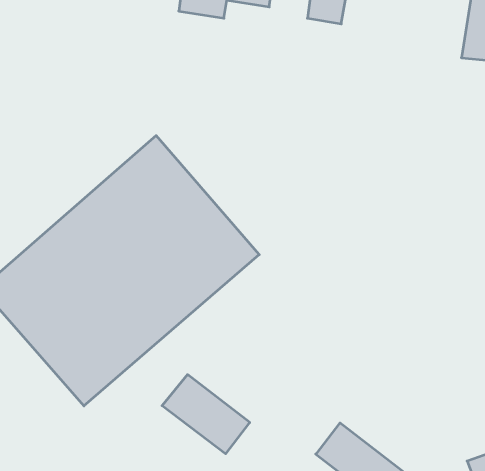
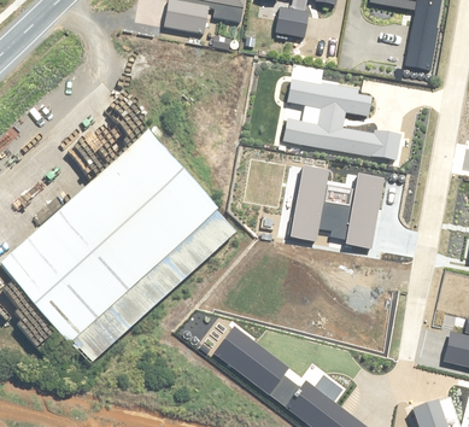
building: none -> [282,78,401,158]
building: none -> [291,166,385,248]
building: [162,375,250,454] -> [212,327,287,394]

